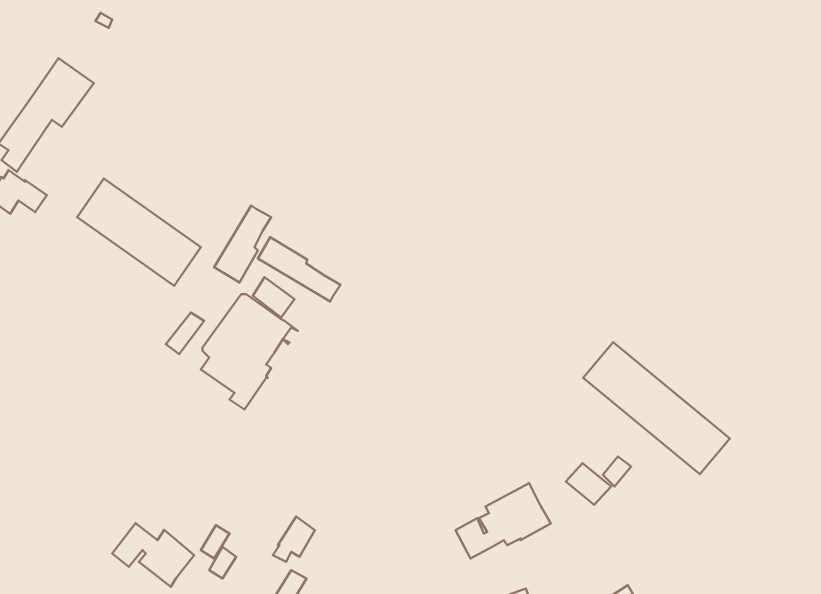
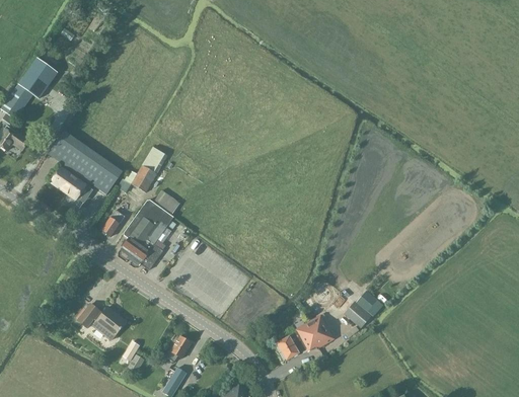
building: [258,237,340,301] -> none
building: none -> [49,166,86,201]
building: [583,342,730,474] -> none
building: [112,523,194,587] -> [75,303,125,341]

